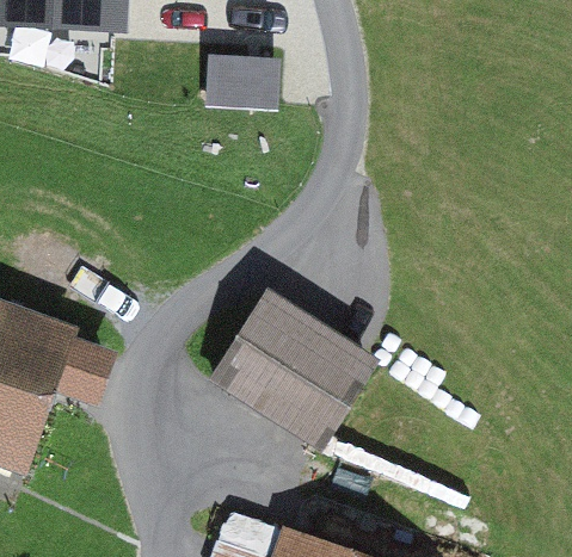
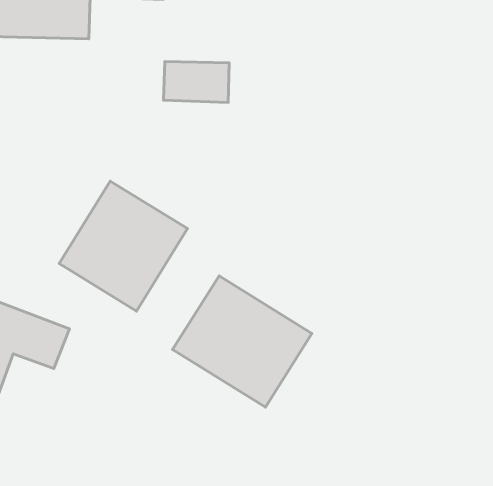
building: none -> [59,181,188,311]

